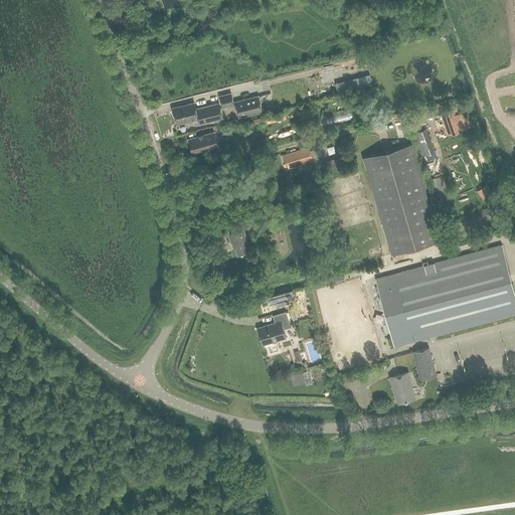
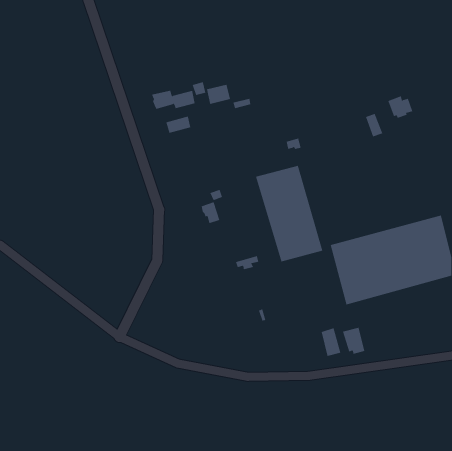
building: [362,145,440,255] -> [255,165,323,262]
building: [282,149,313,170] -> none
building: [258,313,291,346] -> none
building: [413,348,437,381] -> [321,327,341,357]

